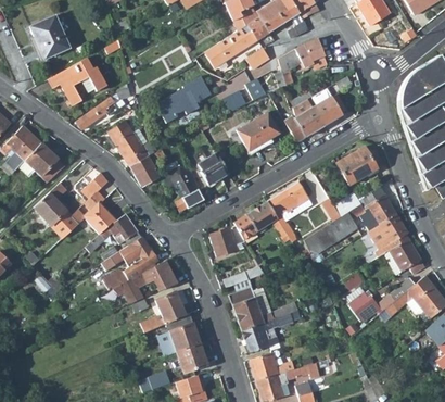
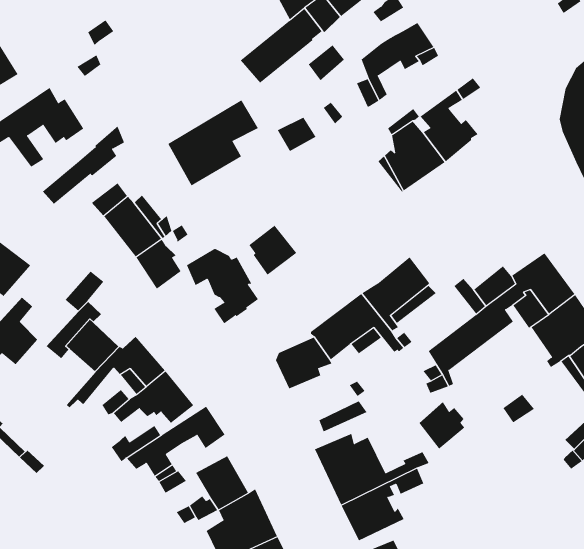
building: [237,113,280,154] -> none
building: [336,147,377,185] -> none
building: [348,292,377,322] -> [419,401,465,450]

